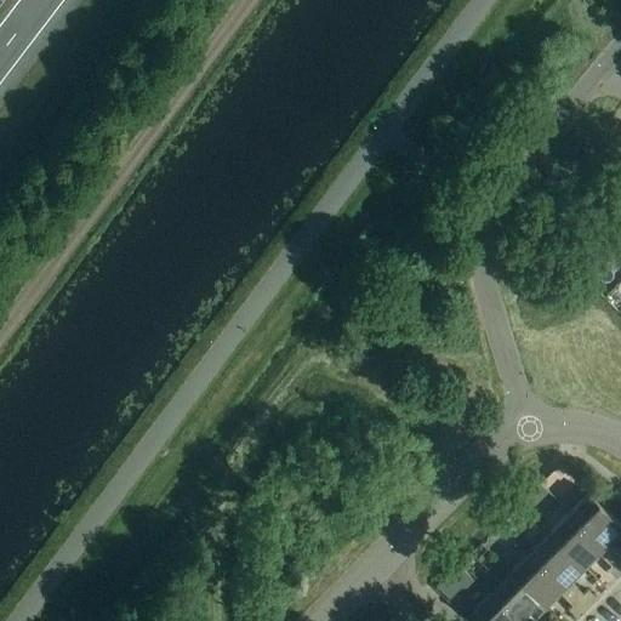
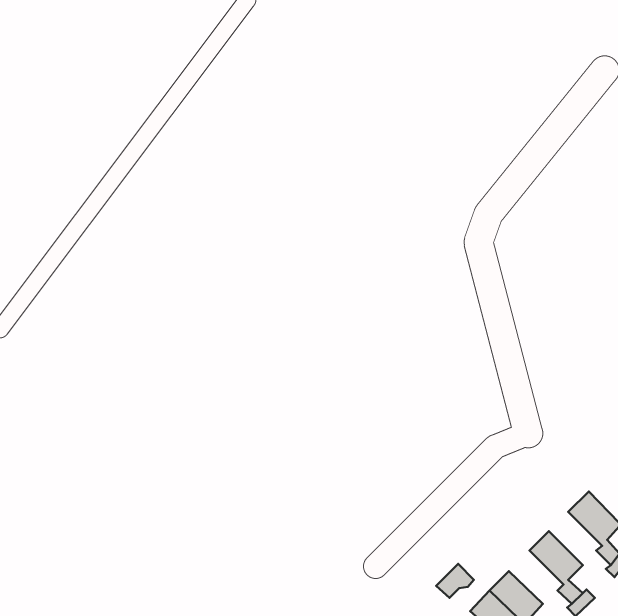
building: [551,515,604,569] -> none
building: [511,554,565,608] -> none

